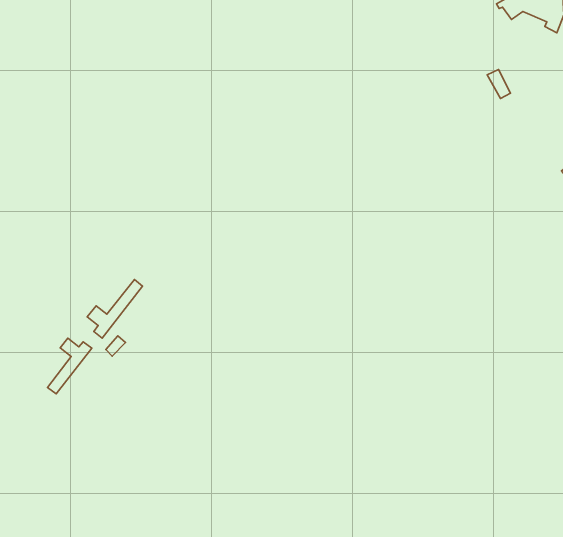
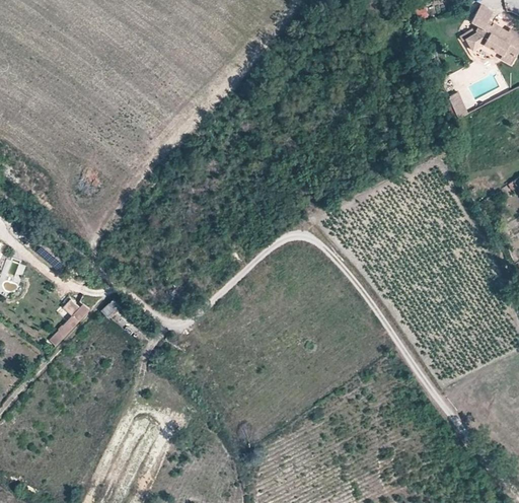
building: [87,279,143,338] -> none

